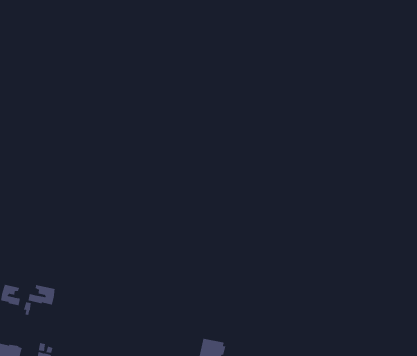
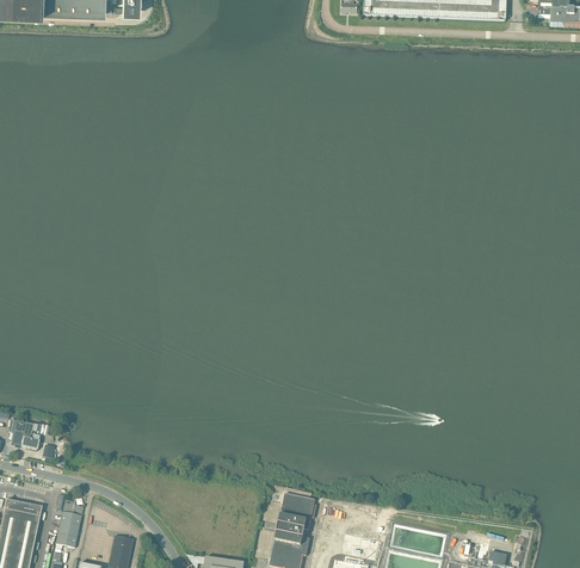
building: [27,284,56,306] -> none

